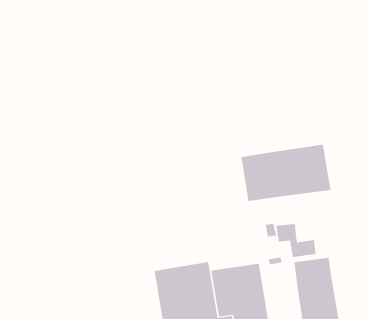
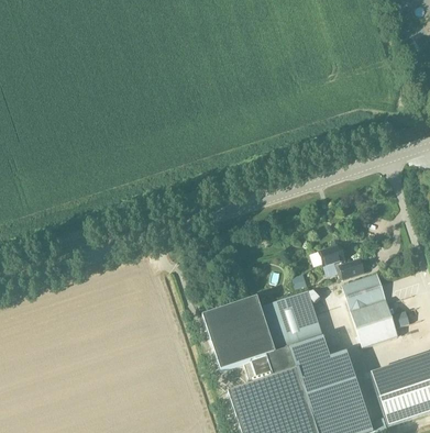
building: [241,144,331,202] -> none

